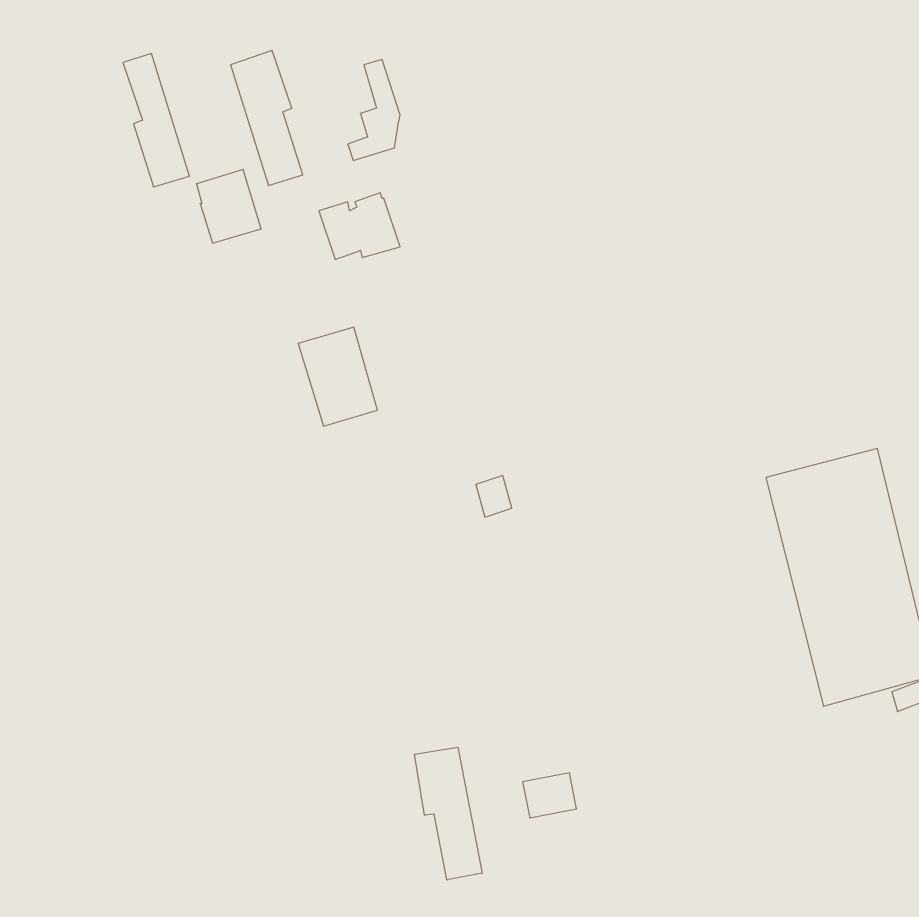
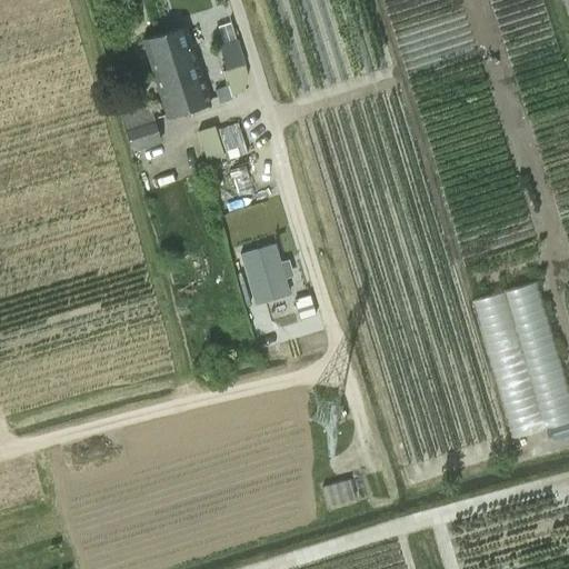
building: [123,54,190,187] -> [169,28,210,110]
building: [298,327,377,426] -> [241,244,290,306]
building: [415,747,482,880] -> none

